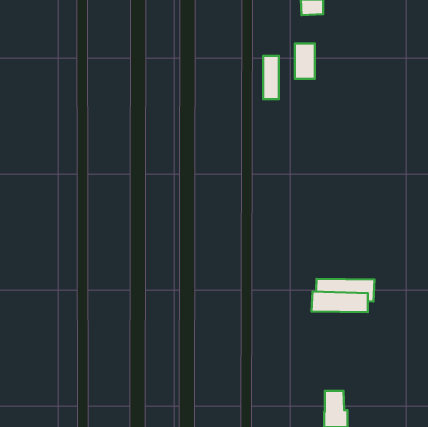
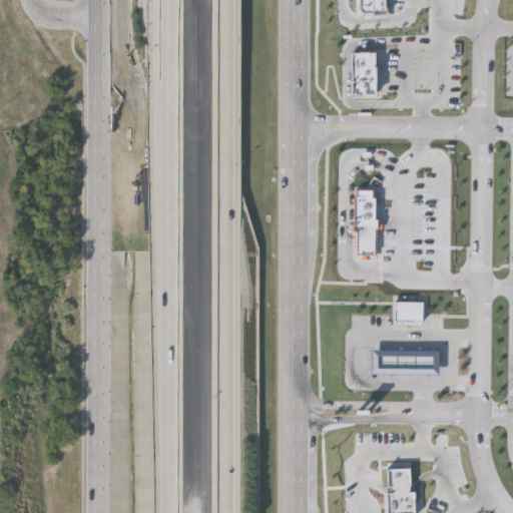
building: [263,56,279,99] -> none
building: none -> [355,188,376,256]
building: none -> [395,301,423,322]

